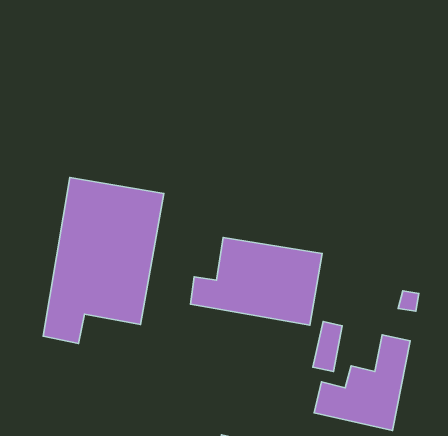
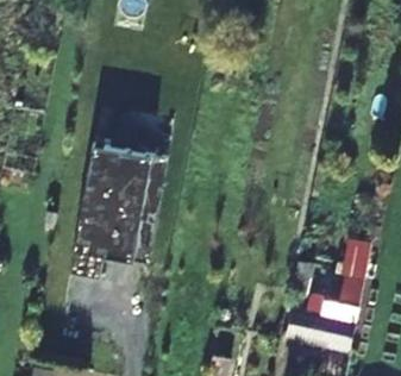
building: [190,237,322,325] -> none

